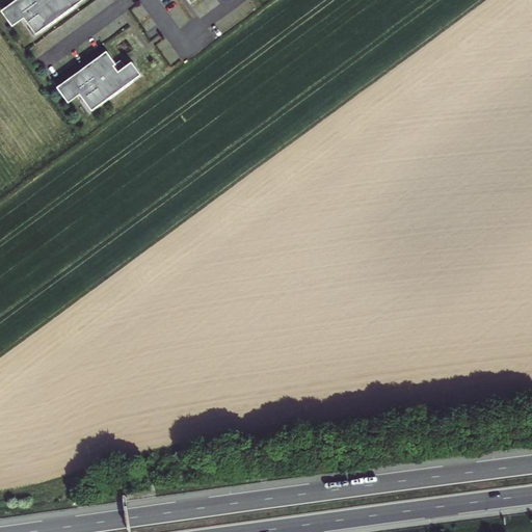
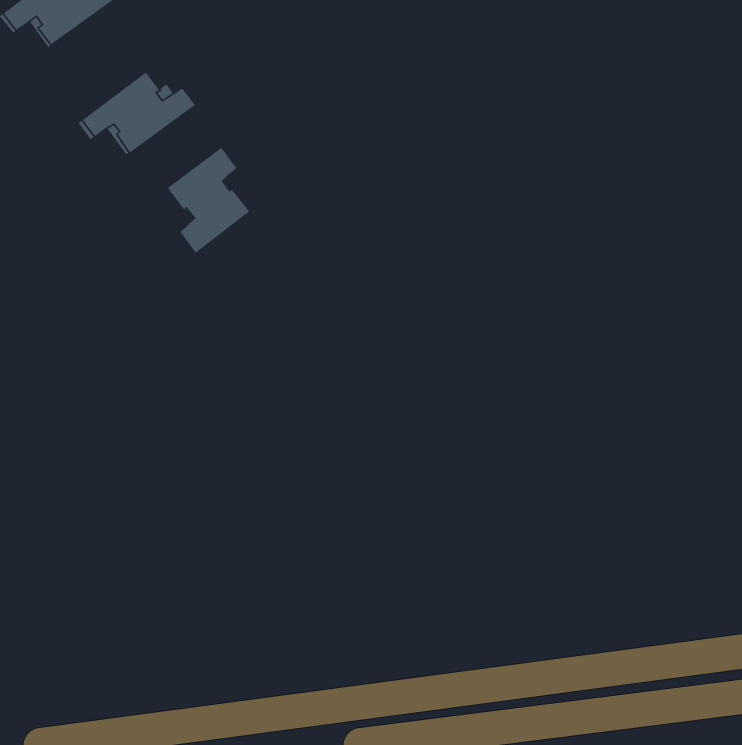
building: none -> [167,147,250,254]

